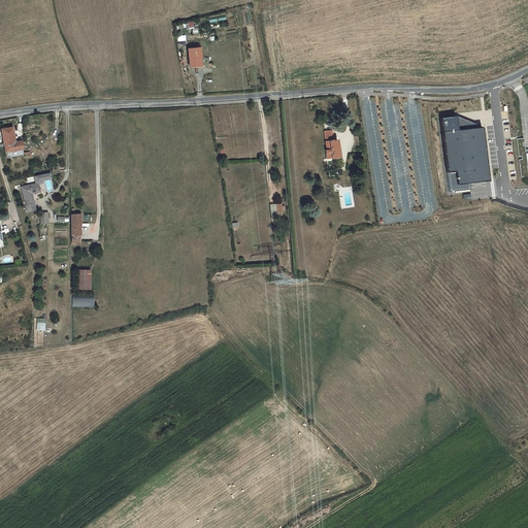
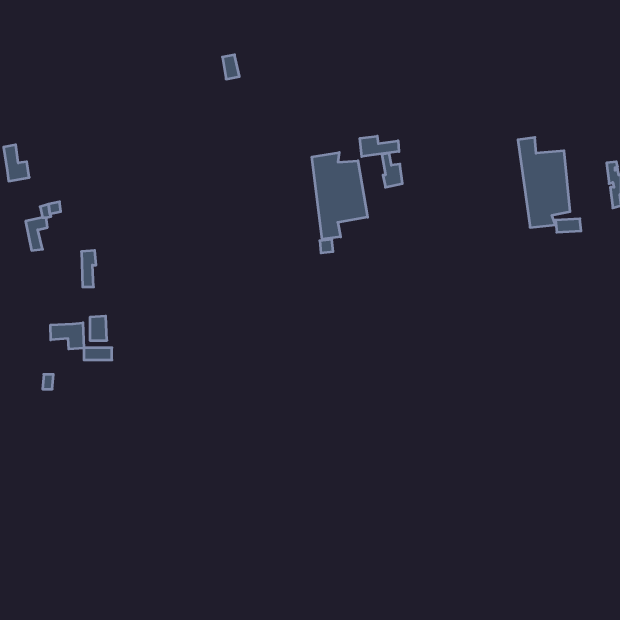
building: none -> [360,136,399,157]
building: none -> [312,152,368,239]
building: none -> [51,323,84,349]

